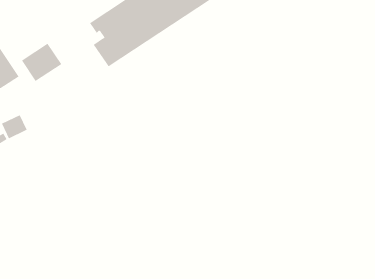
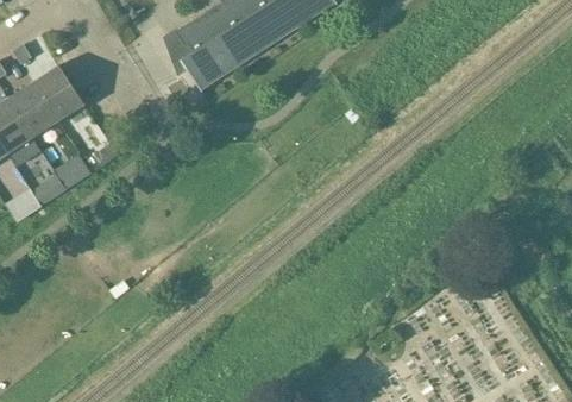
building: [21,43,62,82] -> none

